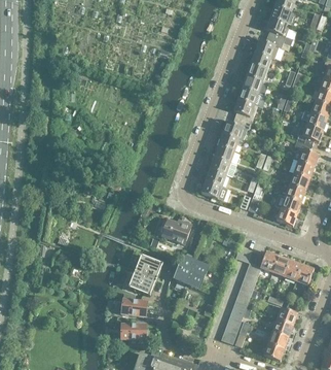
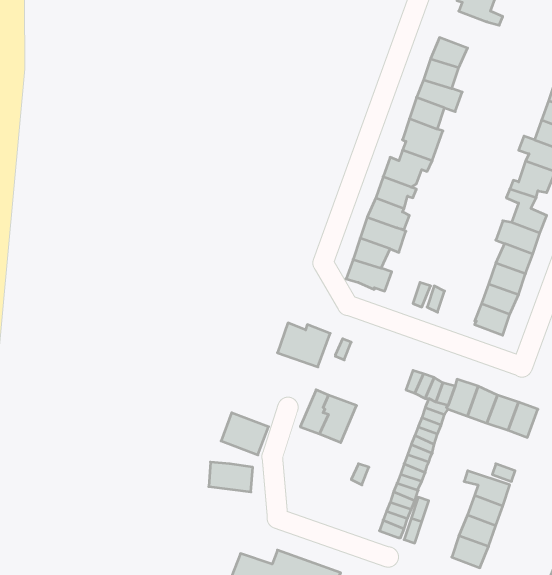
building: [257,35,292,58] -> none
building: [136,254,163,278] -> none
building: [121,324,147,339] -> none

